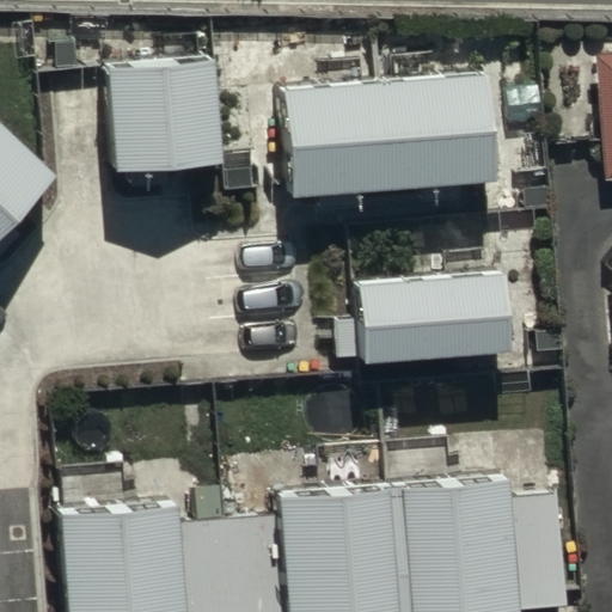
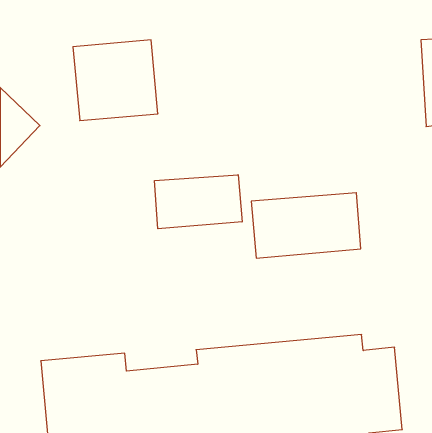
building: [281,74,501,200] -> none
building: none -> [155,175,242,229]

